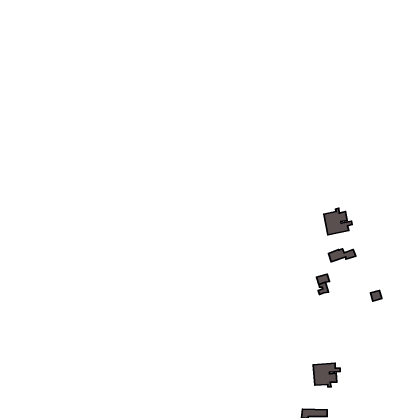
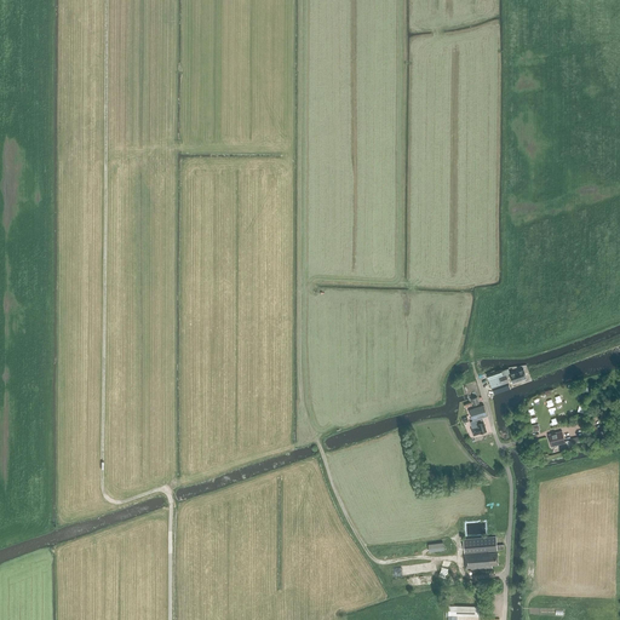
building: [324,208,352,235] -> none

